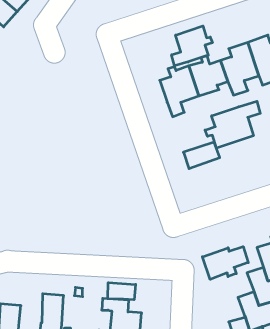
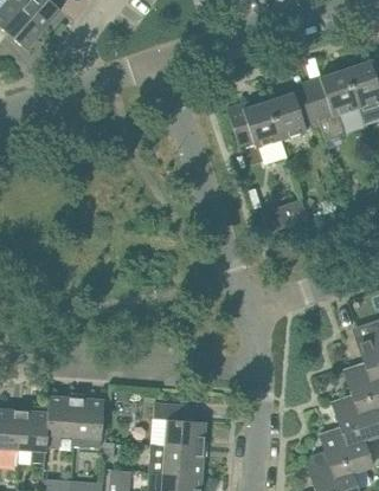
building: [172,26,212,66] -> none
building: [205,101,260,148] -> none
building: [202,247,248,279] -> none
building: [108,283,136,300] -> none
building: none -> [46,395,77,434]

